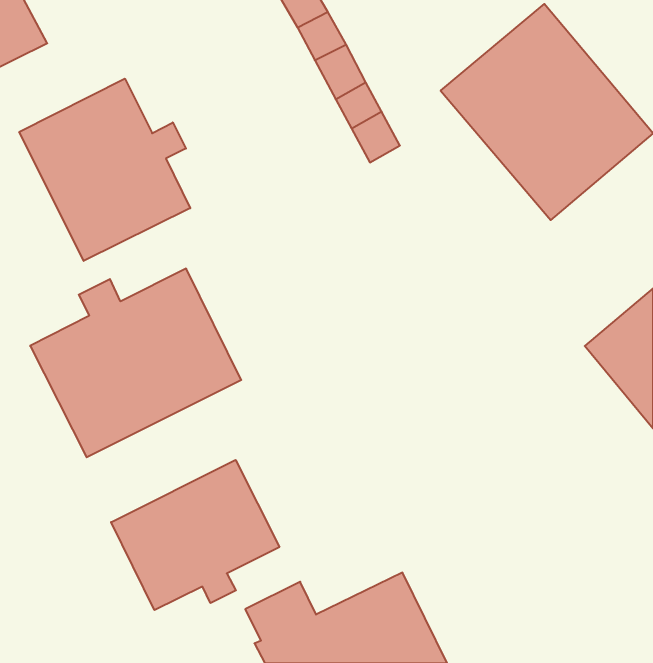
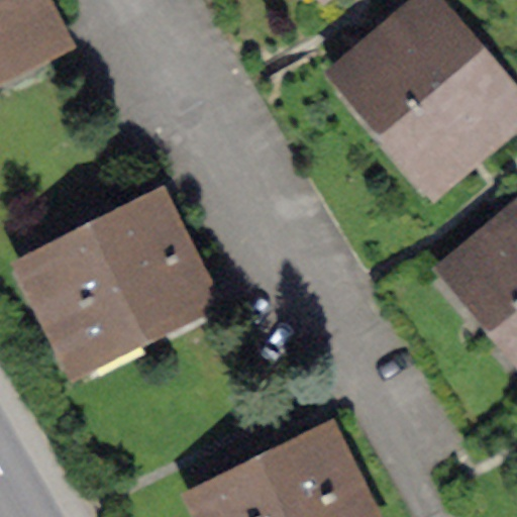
building: [19,79,190,261] -> none
building: [111,460,279,610] -> none

